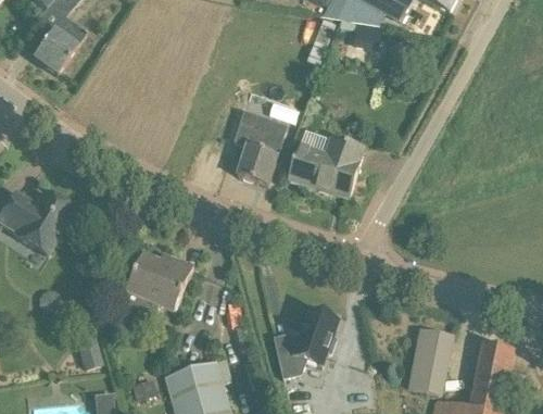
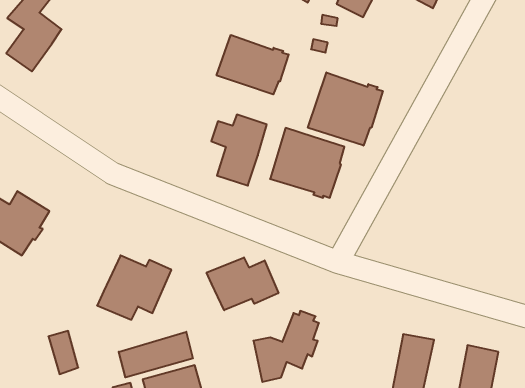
building: none -> [217,35,289,94]
building: none -> [308,72,383,146]
building: none -> [207,257,278,310]
building: none -> [119,332,193,377]

